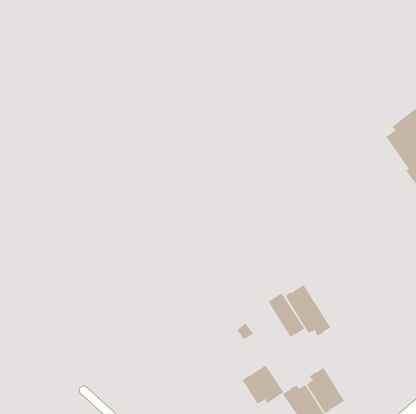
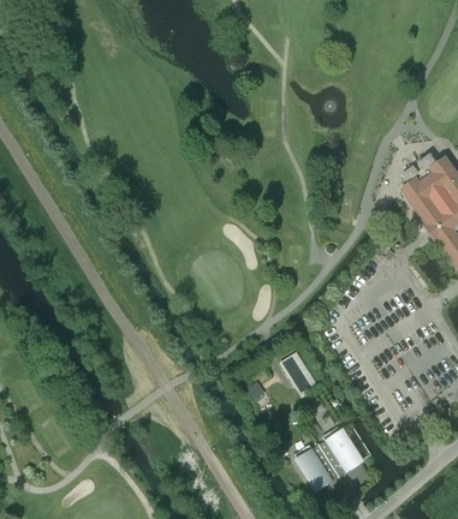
building: [283,284,331,337] -> none
building: [240,365,284,406] -> none

